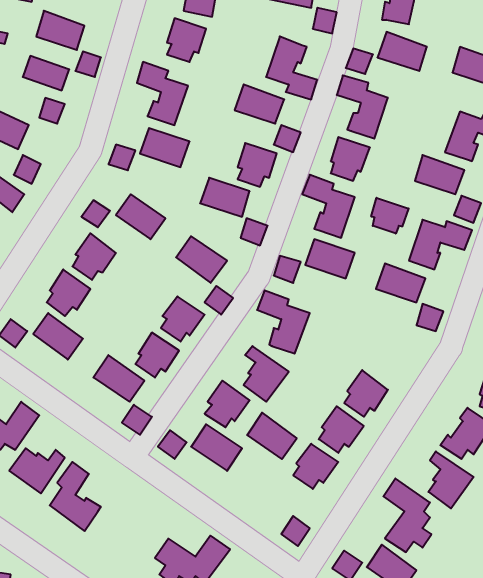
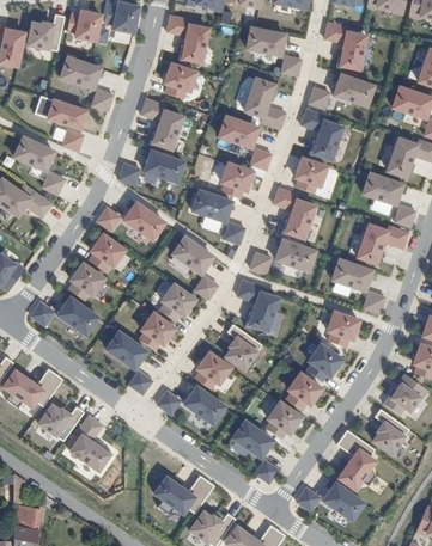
building: [371,198,409,234] -> none
building: none -> [328,311,359,345]
building: [247,413,297,459] -> [233,419,273,456]

